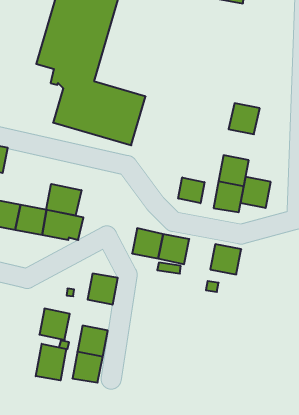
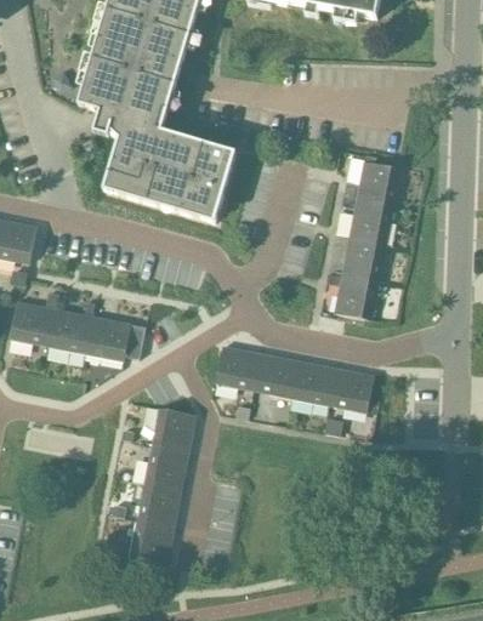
building: [241,177,271,208] -> [348,199,392,244]
building: [178,177,204,203] -> none
building: [46,184,81,216] -> none
building: none -> [291,358,336,401]
building: [39,309,70,340] -> [144,445,188,490]
building: [36,344,66,380] -> none

